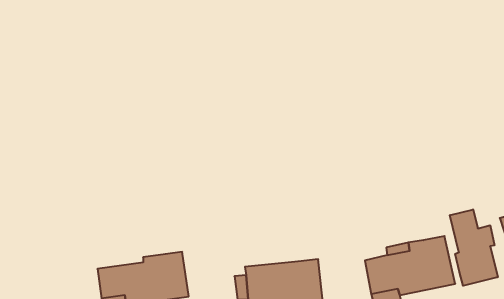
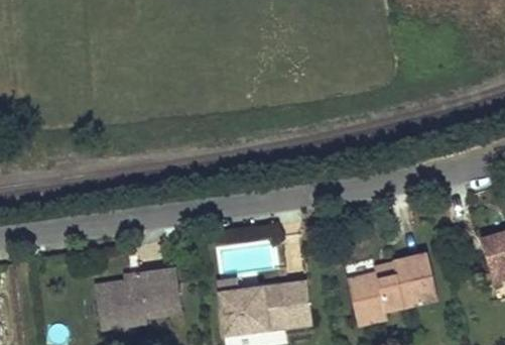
building: [450,209,498,286] -> none

